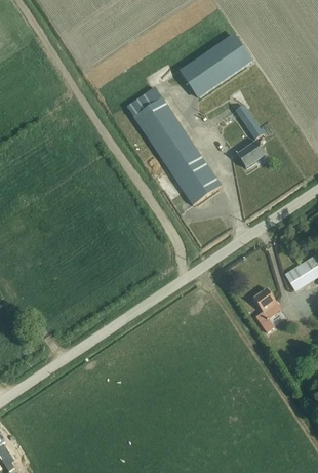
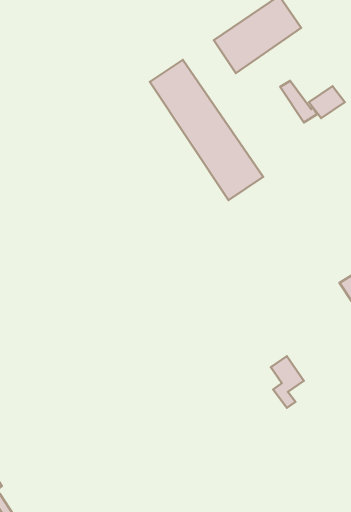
building: [236,141,266,167] -> [309,86,345,118]
building: [253,288,281,331] -> [271,356,304,408]

